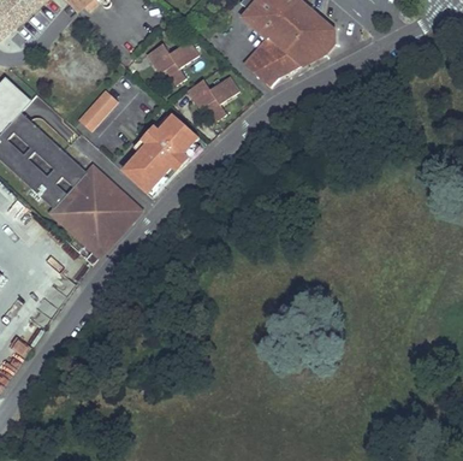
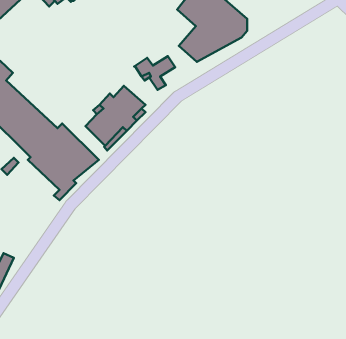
building: [148,40,198,83] -> none
building: [78,89,118,130] -> none

